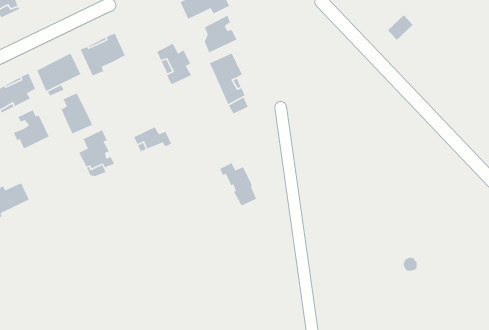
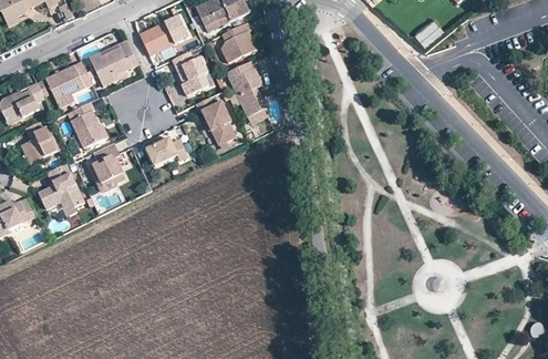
building: none -> [142,16,188,55]
building: none -> [39,163,84,216]
building: [219,162,257,206] -> [196,96,236,143]

